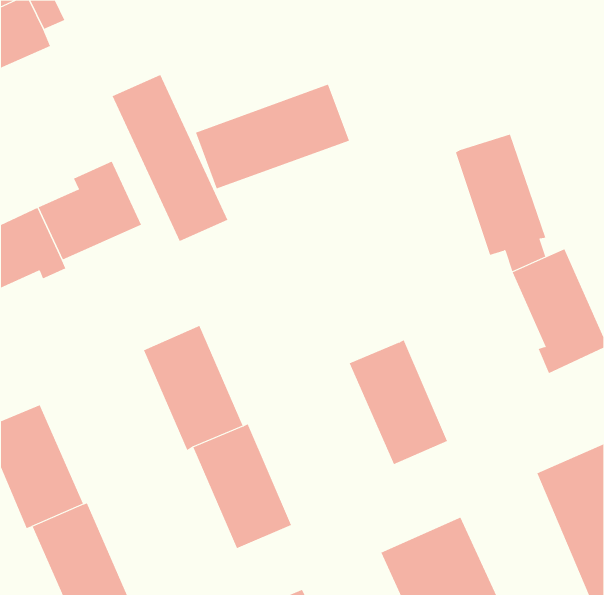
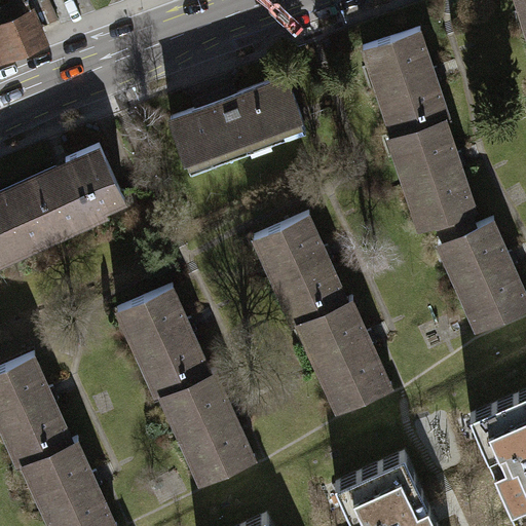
building: none -> [365,35,449,139]
building: [112,74,228,242] -> none
building: none -> [260,218,347,327]

